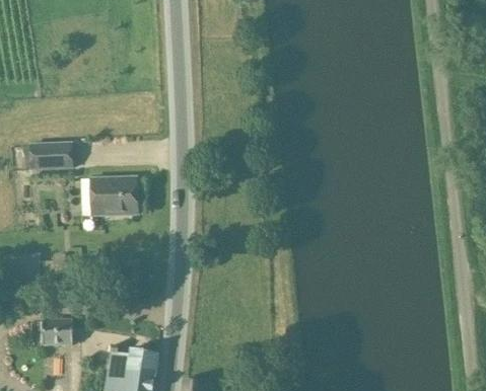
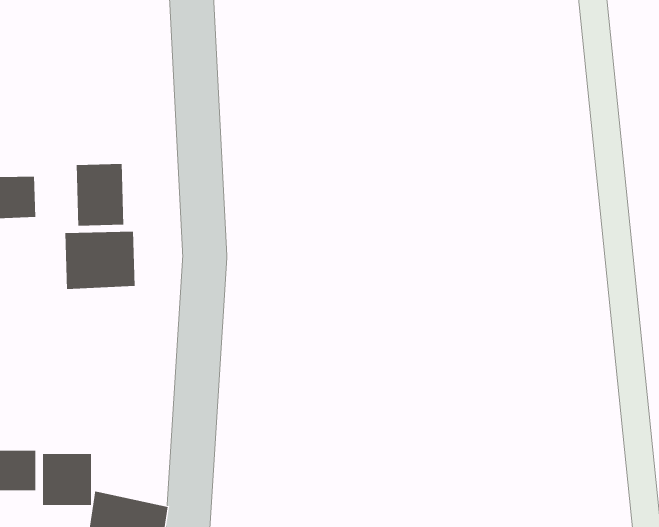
building: none -> [76,163,124,226]
building: none -> [42,453,92,506]

